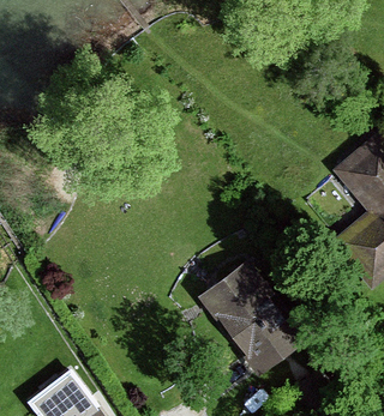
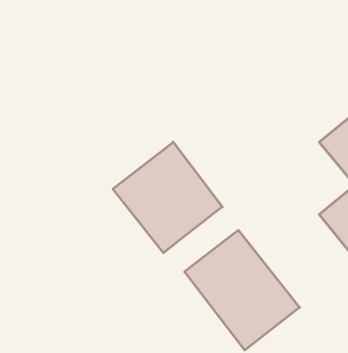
building: none -> [113,142,222,253]

